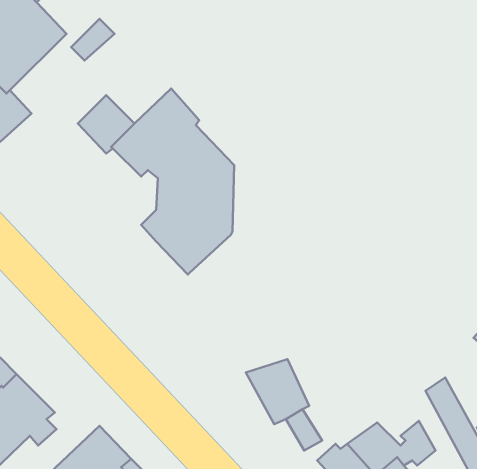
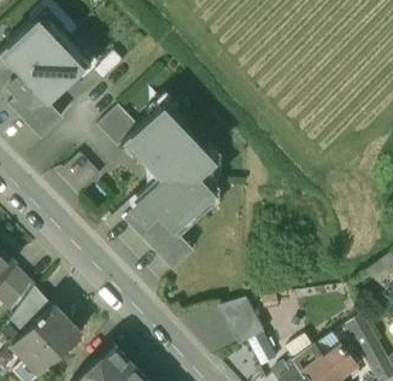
building: none -> [123,210,194,271]

